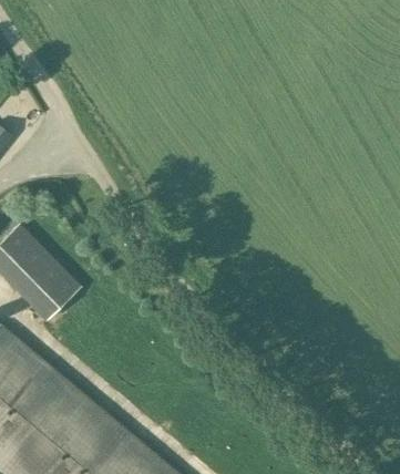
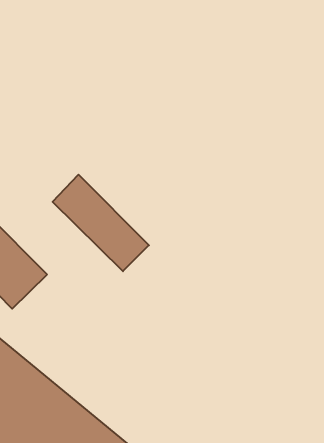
building: none -> [53,175,149,271]

